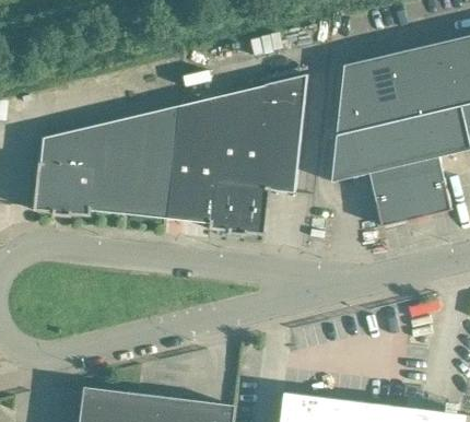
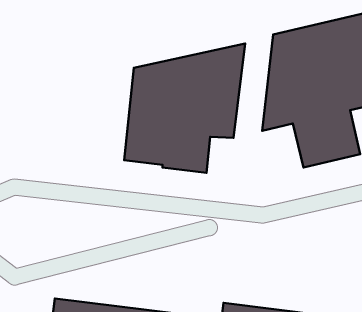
building: [32,105,177,218] -> none

